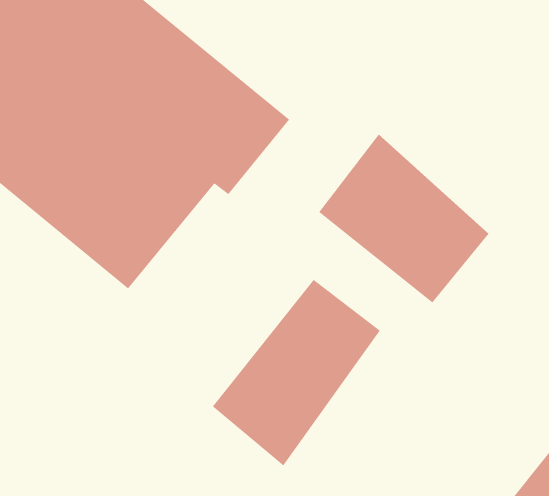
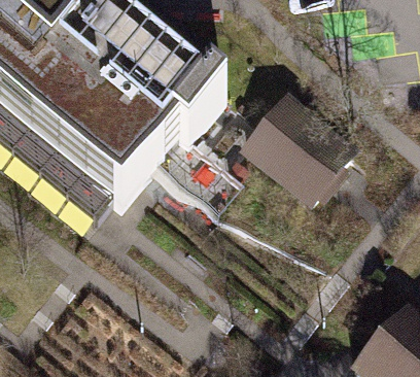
building: [212,279,381,466] -> none

